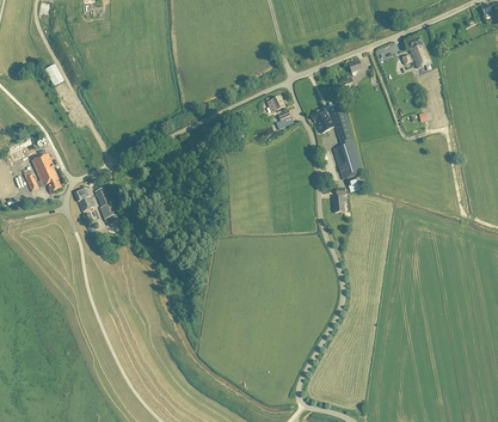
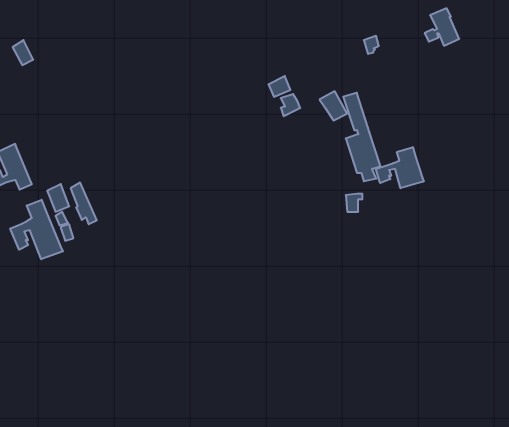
building: none -> [376,147,424,188]
building: none -> [10,200,63,259]

